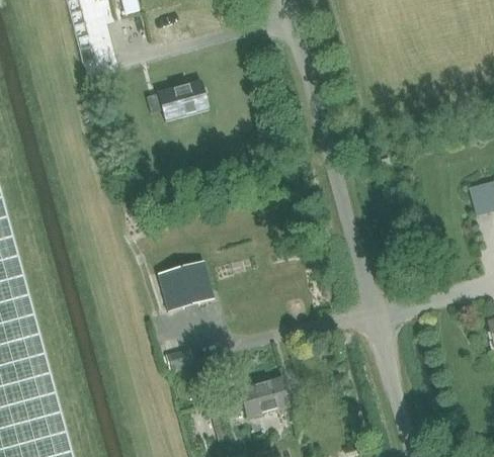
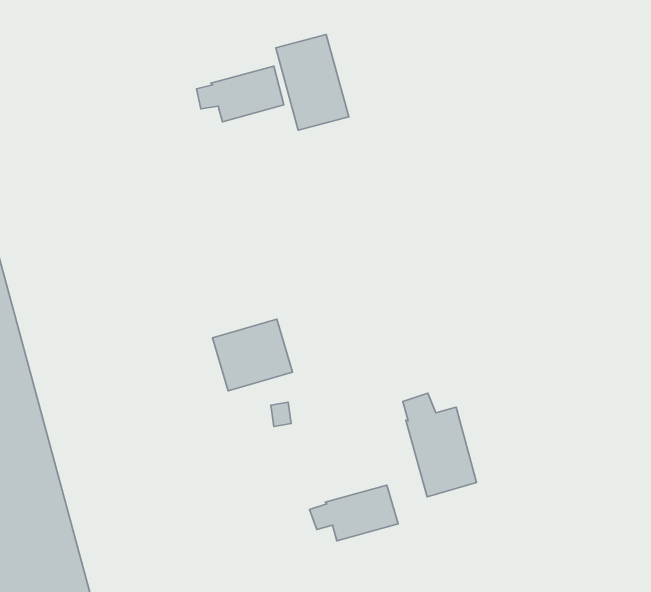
building: none -> [276,35,349,130]
building: none -> [403,393,477,497]

